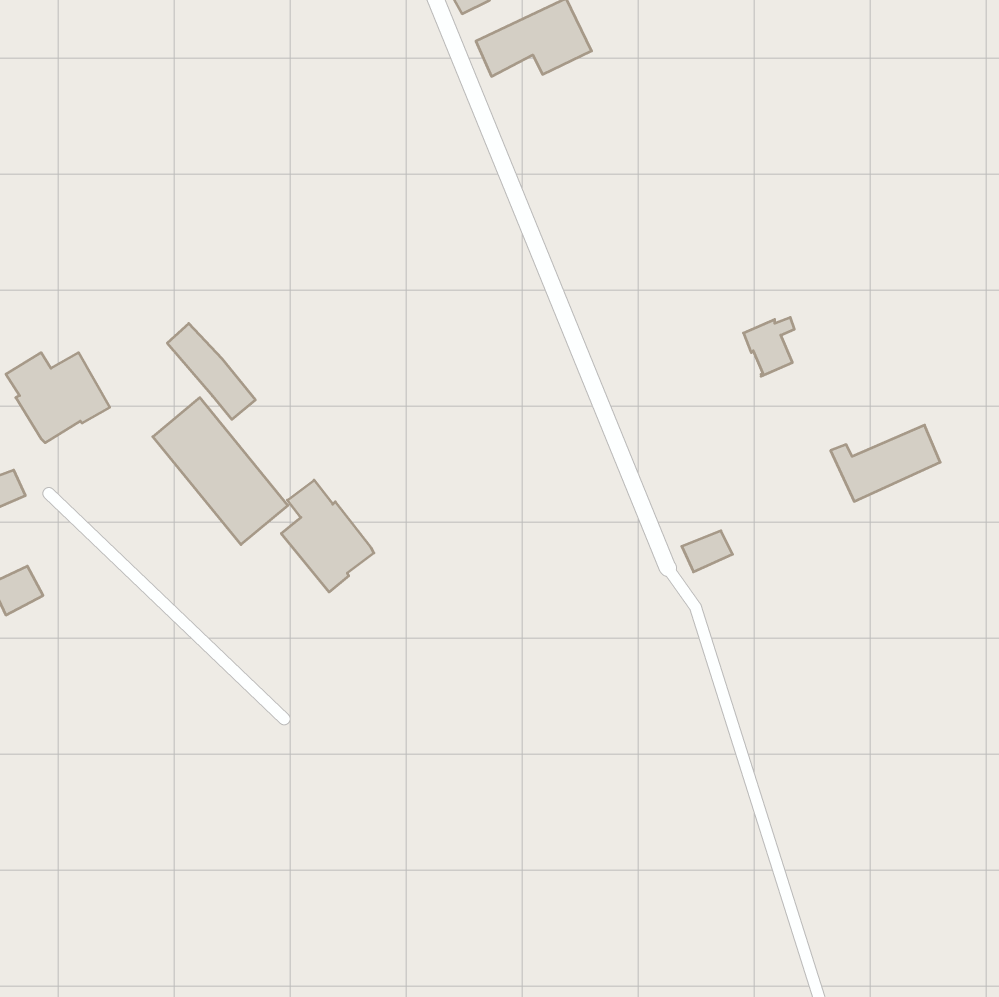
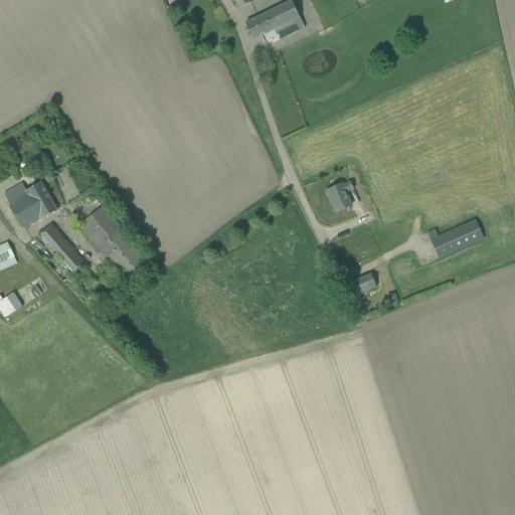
building: [743,317,794,376] -> [326,181,352,211]
building: [167,323,255,419] -> [39,223,84,273]
building: [281,480,374,592] -> none

